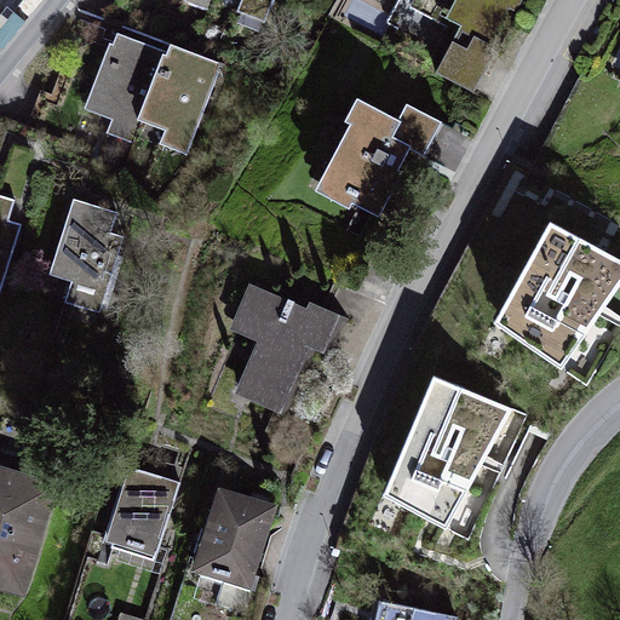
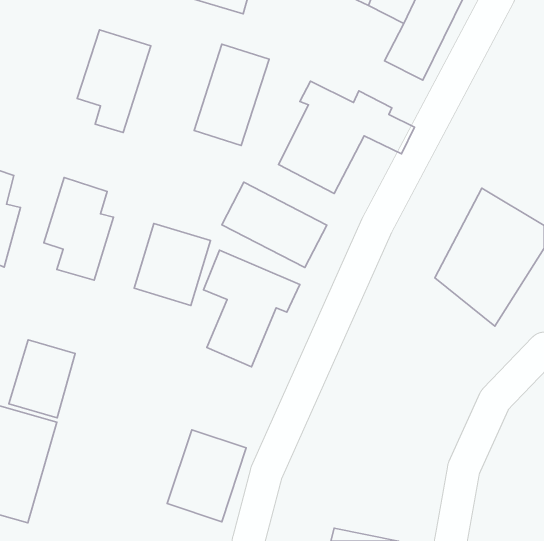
building: [139,52,224,167] -> [194,44,269,146]
building: none -> [222,182,327,267]
building: none -> [134,223,211,305]
building: [381,368,532,522] -> none
building: [101,466,176,555] -> [9,340,75,418]

